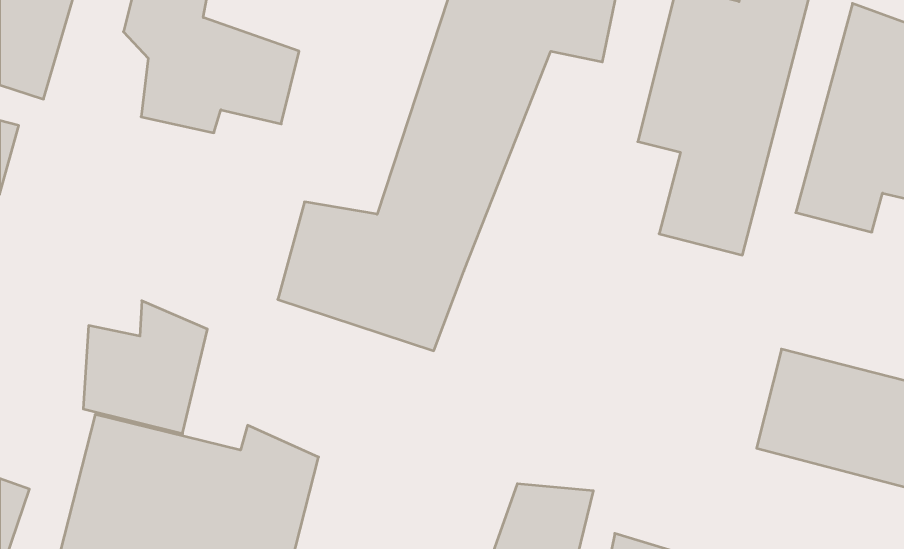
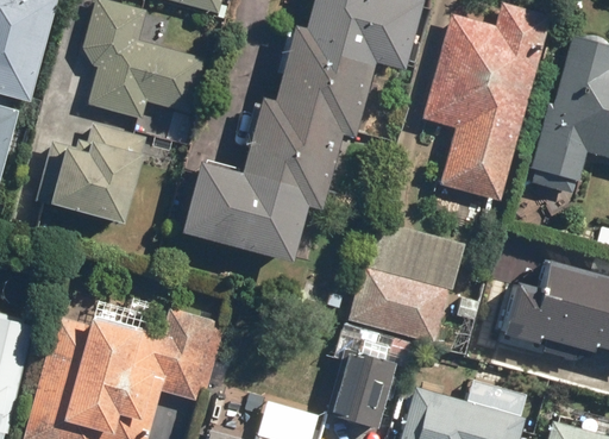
building: [83,301,207,434] -> [57,120,140,209]
building: none -> [360,230,457,340]

